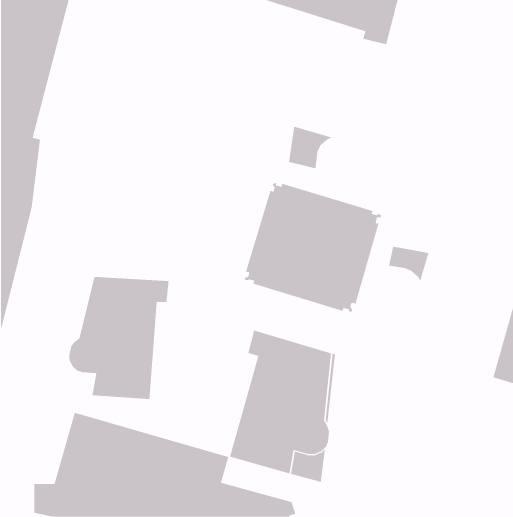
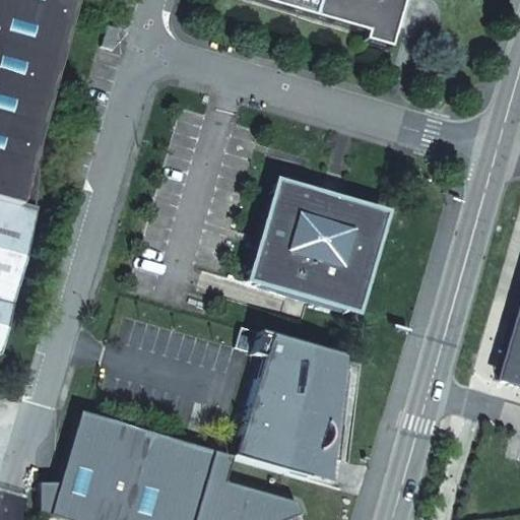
building: [288,126,334,169] -> none
building: [388,246,429,282] -> none
building: [69,276,169,400] -> none

